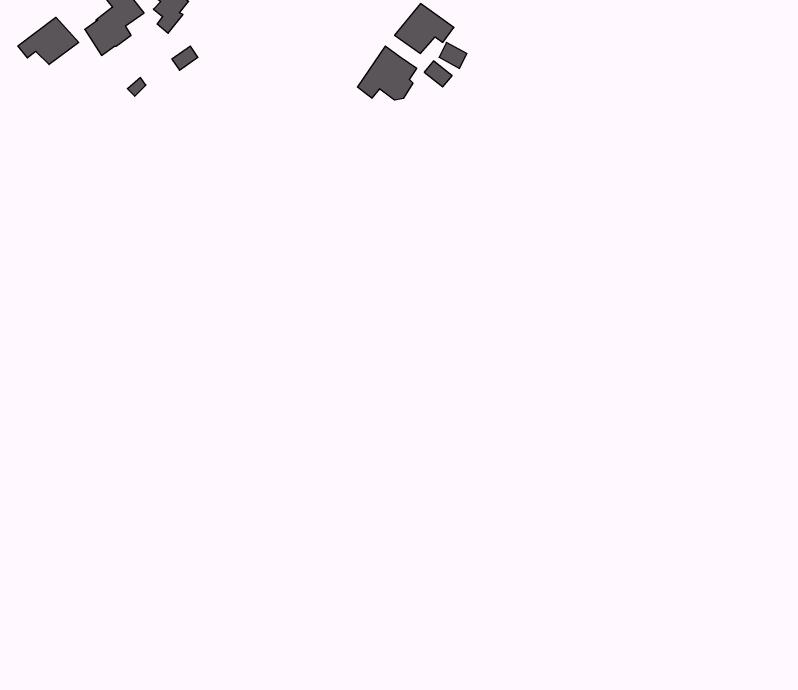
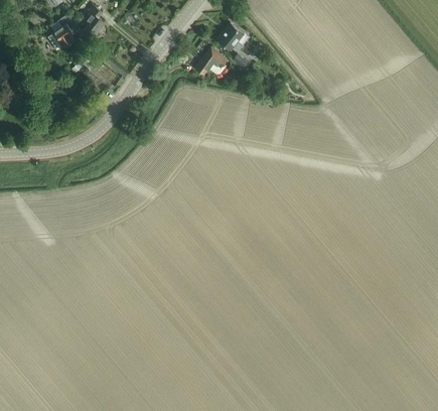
building: [18,17,79,65] -> none

